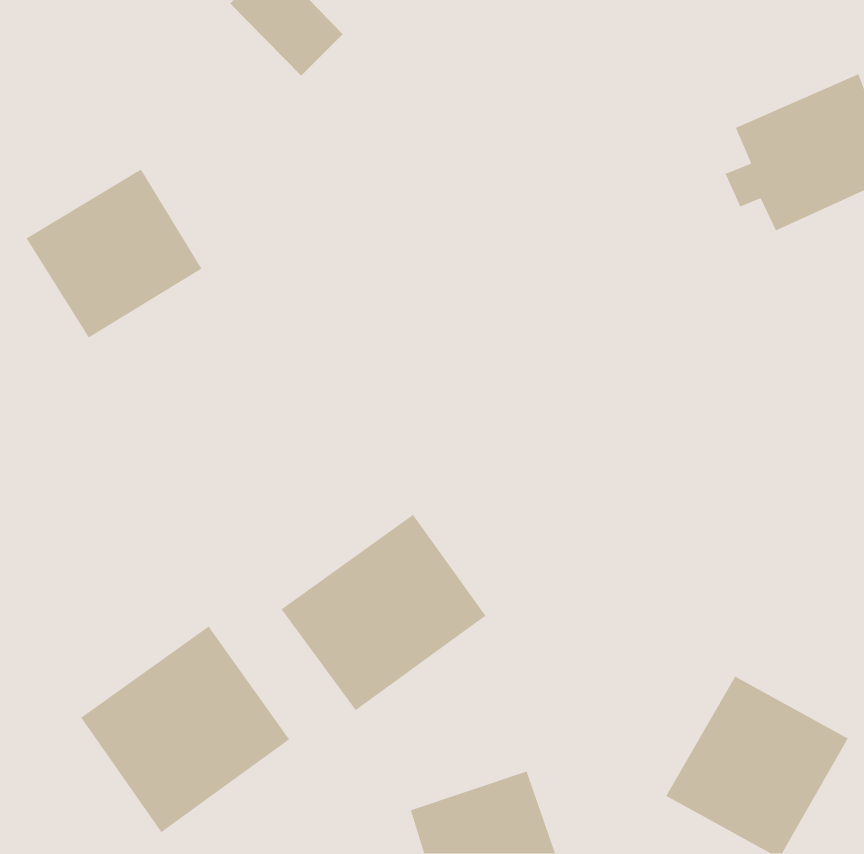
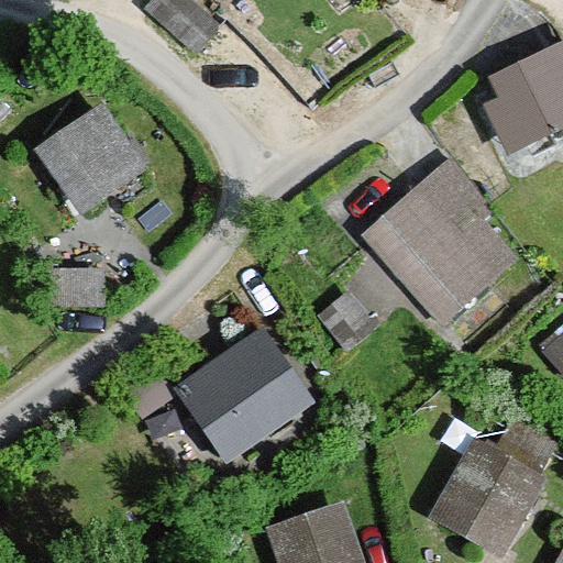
building: none -> [356,161,507,324]
building: [80,626,290,833] -> none

